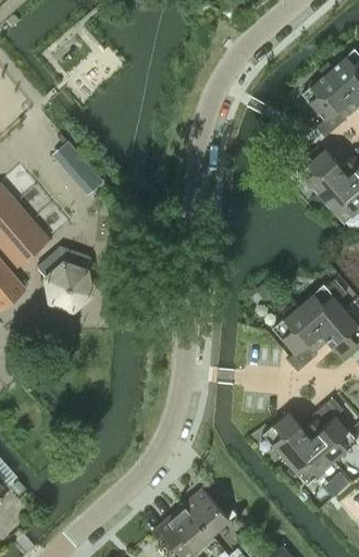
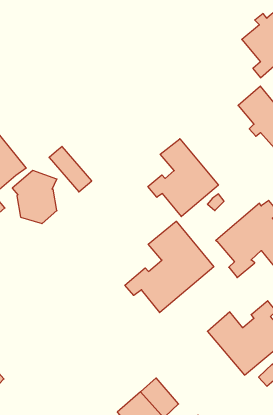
building: [53,144,103,197] -> [49,146,92,192]
building: none -> [148,139,218,217]
building: none -> [125,221,214,313]

